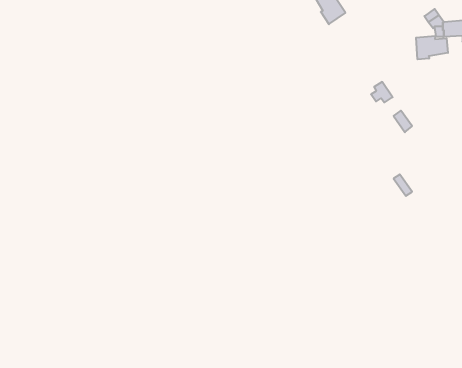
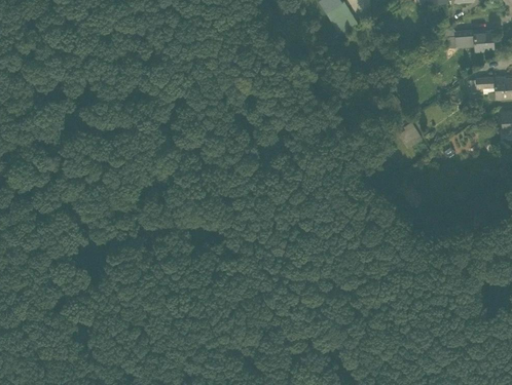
building: [416,36,448,59] -> none

